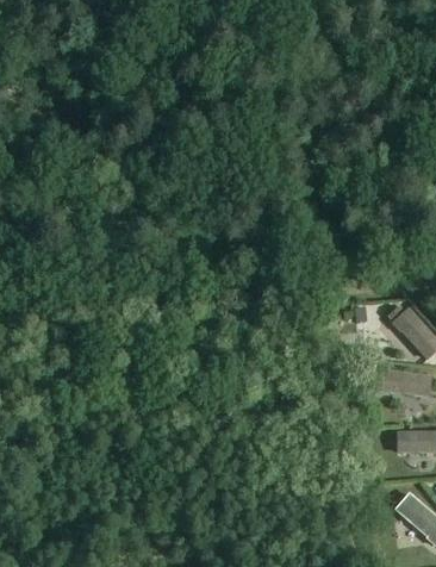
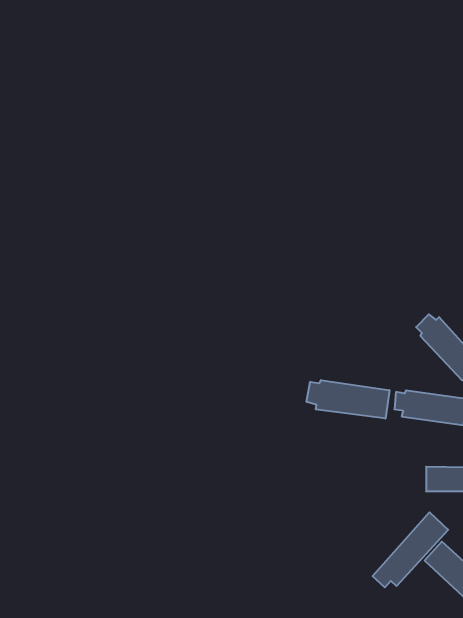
building: none -> [307,380,389,419]
building: none -> [373,512,448,587]

